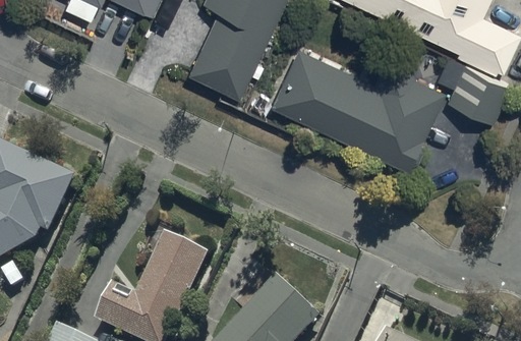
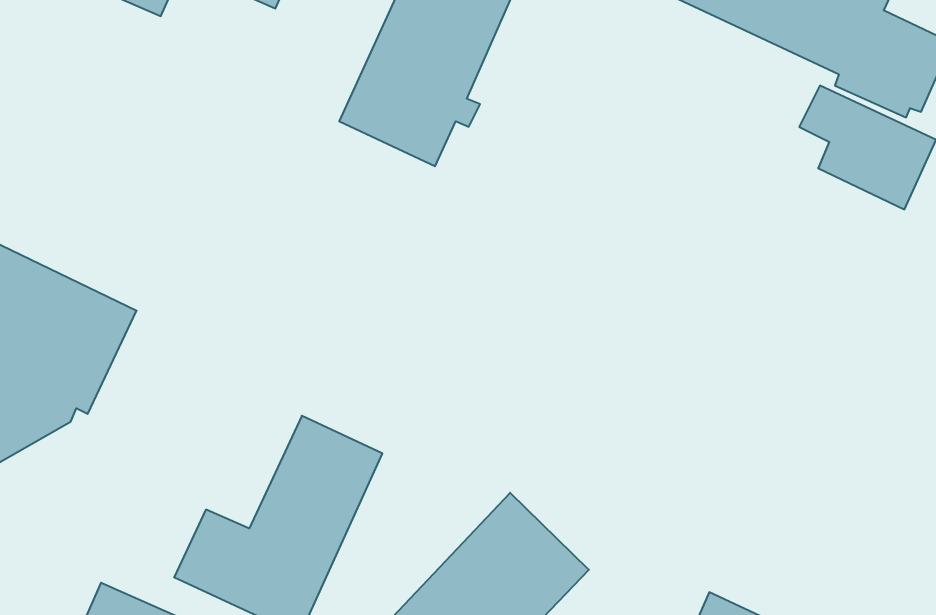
building: [268,43,440,164] -> none

